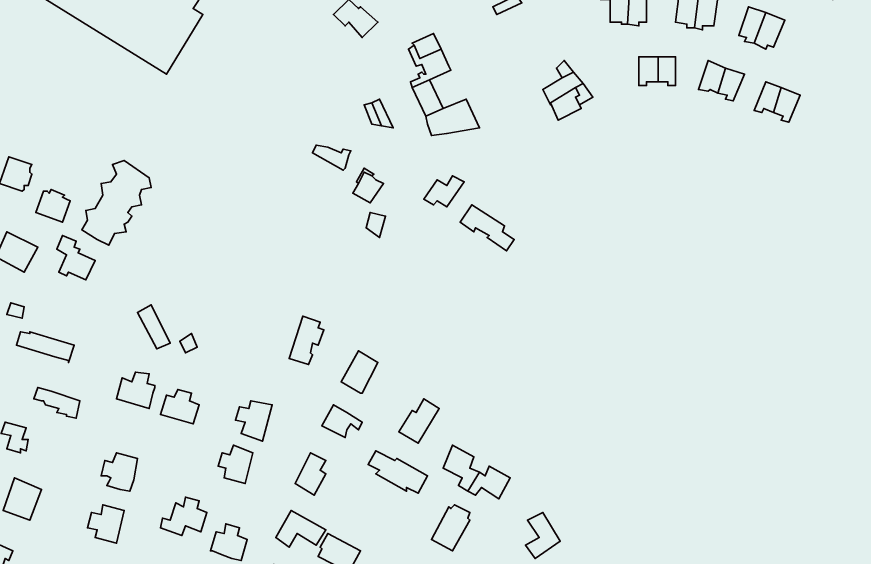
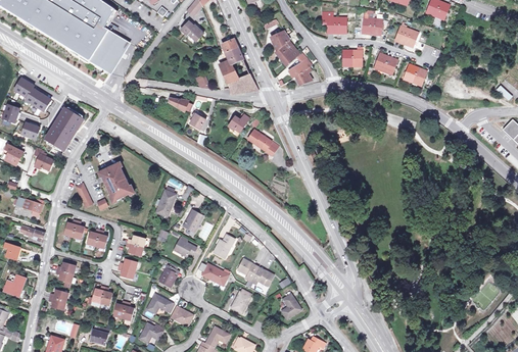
building: none -> [91,29,132,73]
building: none -> [271,31,299,64]
building: none -> [13,78,51,111]
building: none -> [100,162,134,202]

